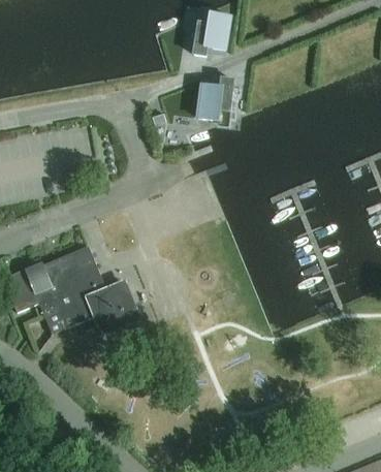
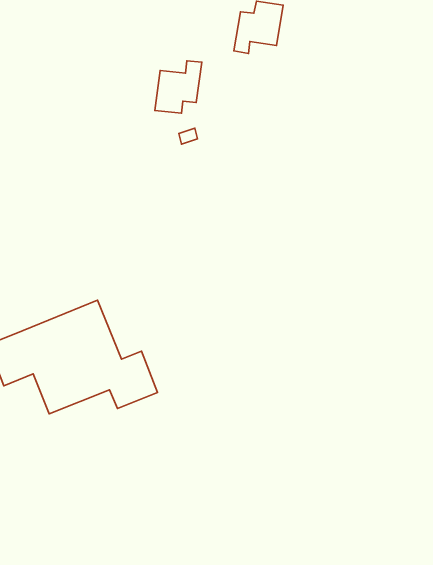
building: [196,80,232,120] -> [155,61,202,113]

